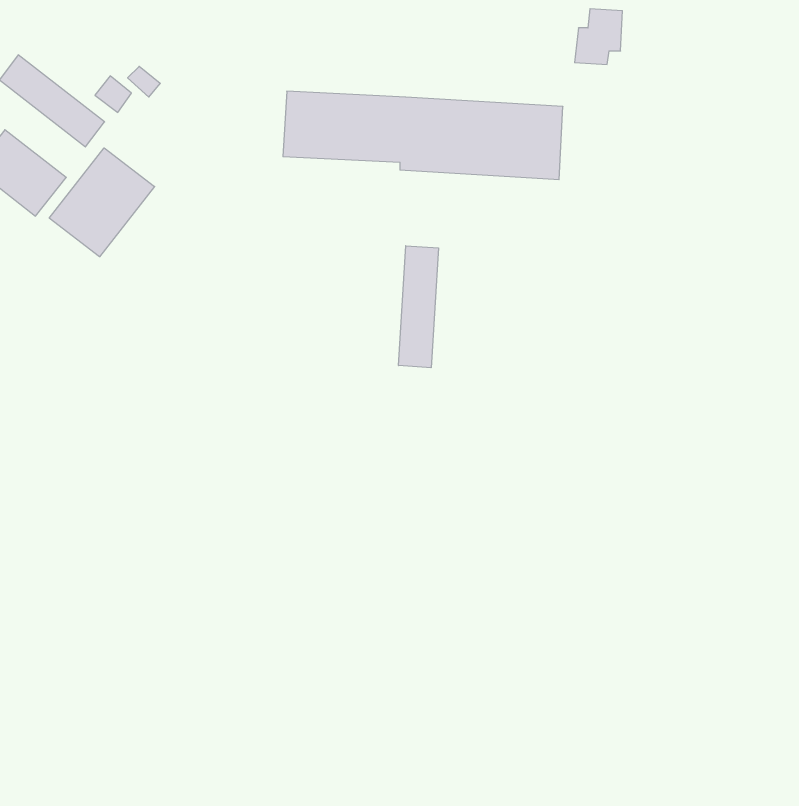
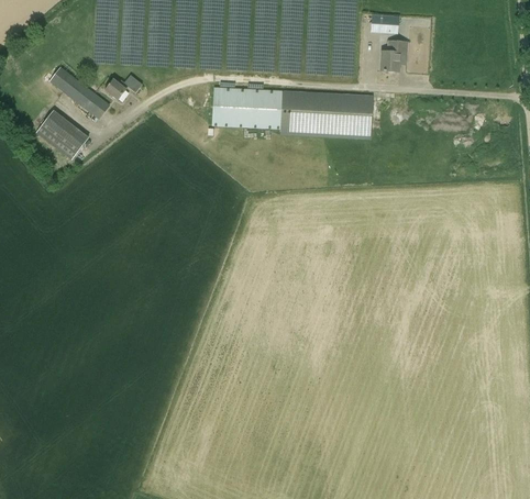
building: [49,148,155,257] -> none
building: [399,246,438,368] -> none

